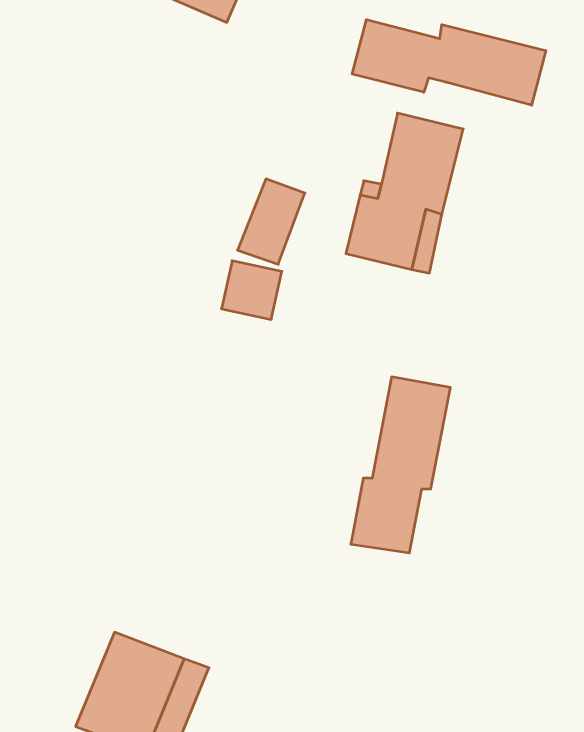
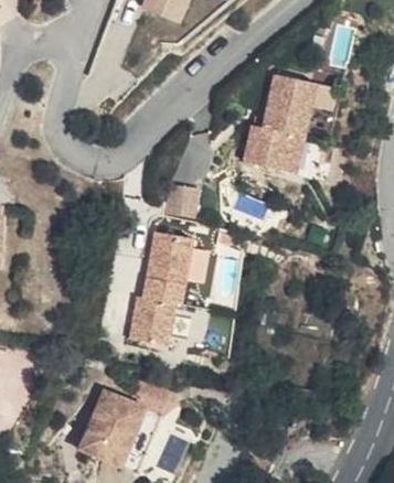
building: [352,20,546,105] -> none
building: [351,377,450,553] -> [128,243,190,352]

